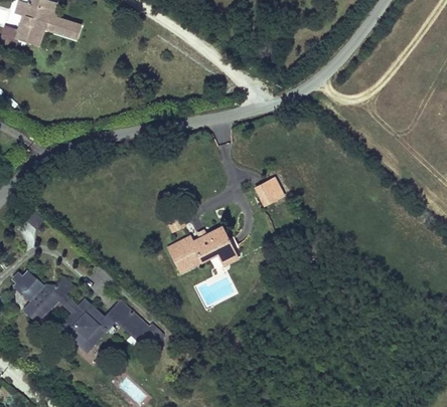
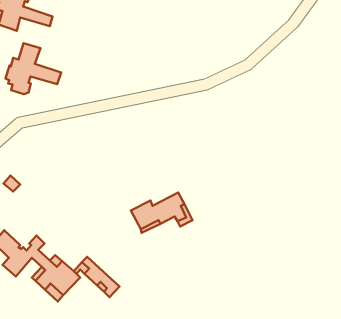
building: none -> [6,43,61,94]
building: [254,174,282,201] -> none

